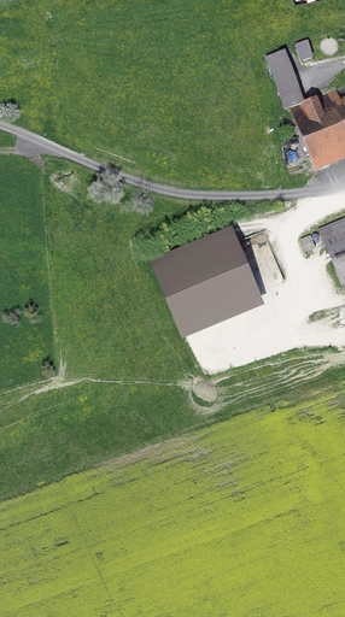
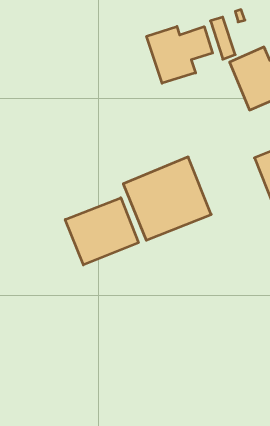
building: none -> [147,26,213,83]
building: none -> [65,198,138,265]

